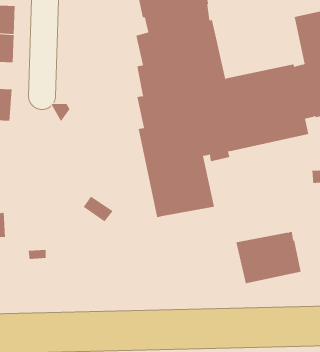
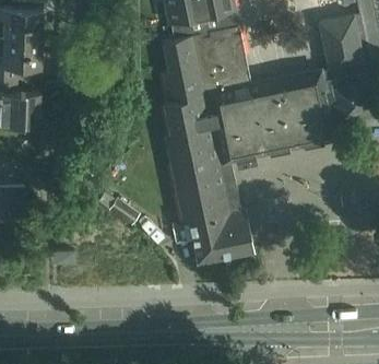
building: [235,231,301,284] -> [188,210,253,262]

